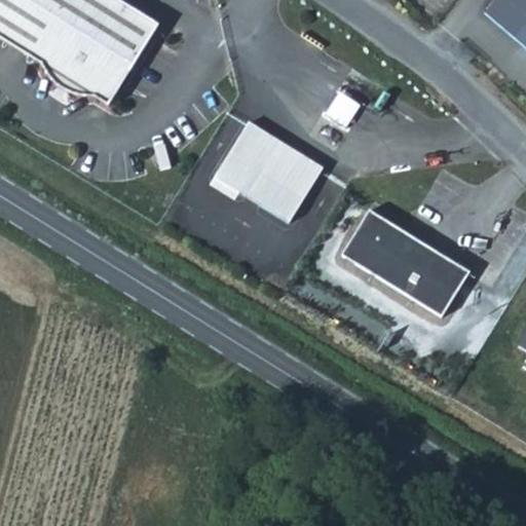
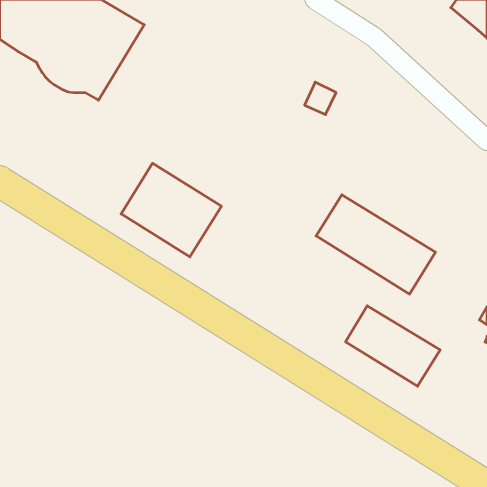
building: [215,119,323,220] -> [121,163,221,257]
building: none -> [346,306,440,386]

